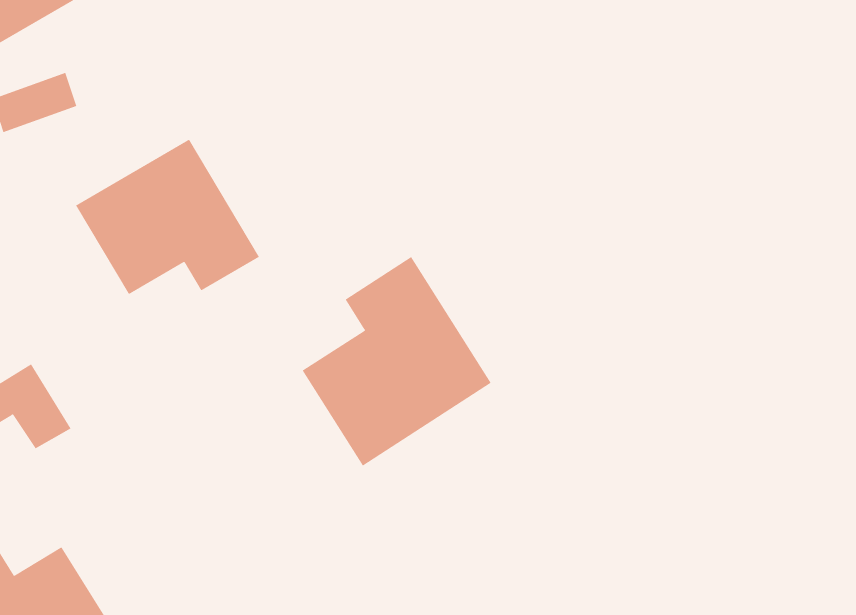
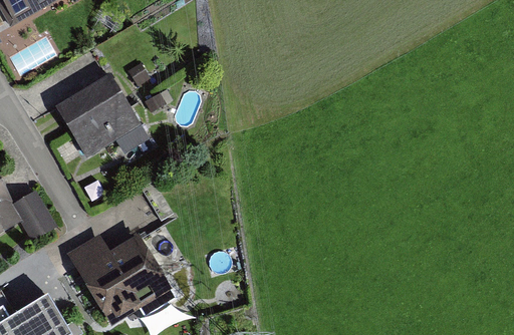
building: [302,256,492,466] -> none
building: none -> [70,231,175,317]

